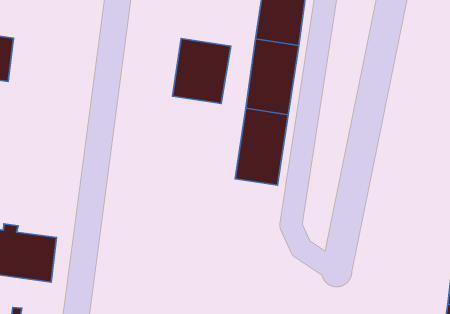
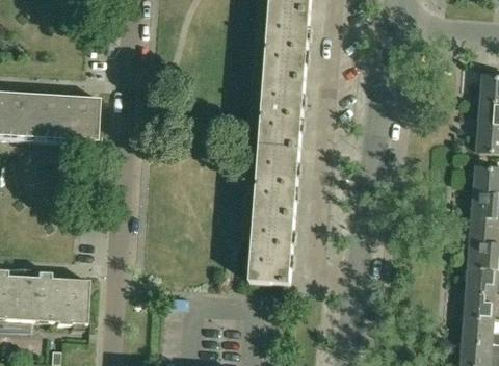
building: none -> [31,94,98,139]
building: [173,39,231,103] -> none
building: none -> [248,211,294,282]

